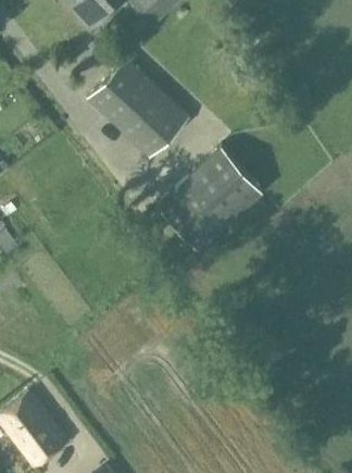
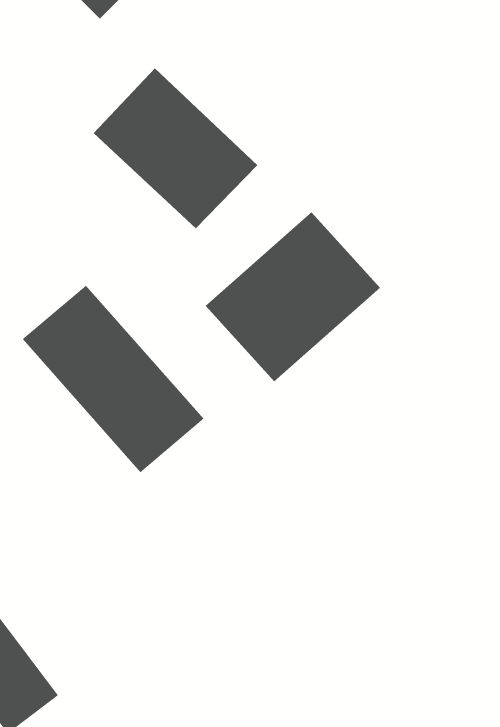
building: none -> [22,285,204,473]

